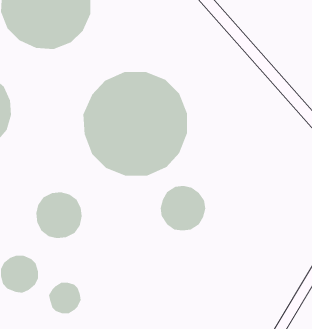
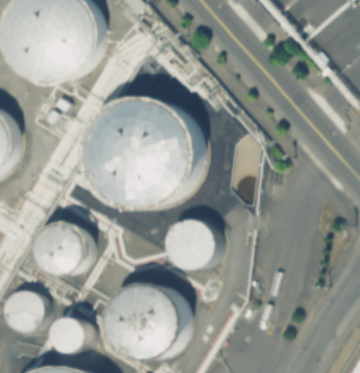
building: none -> [107,284,181,358]

